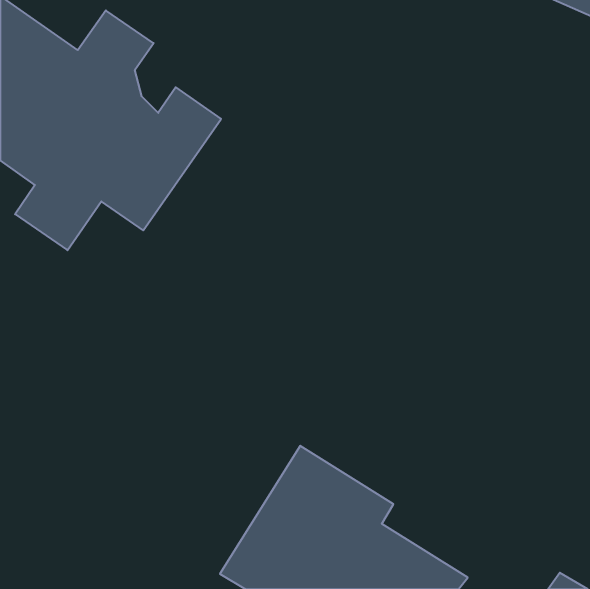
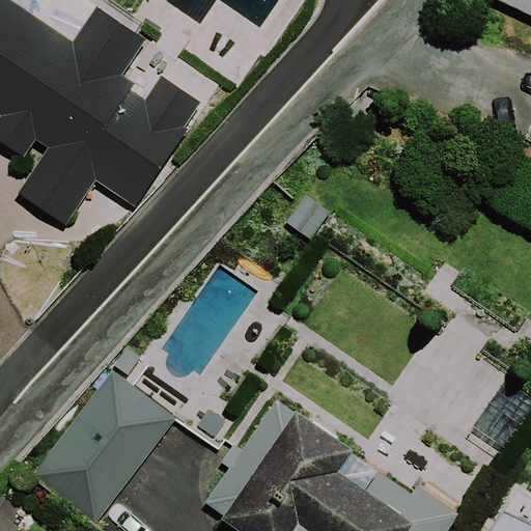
building: none -> [39,371,174,514]

